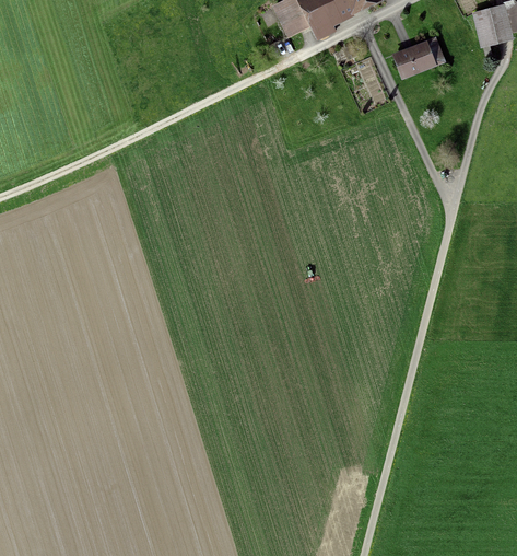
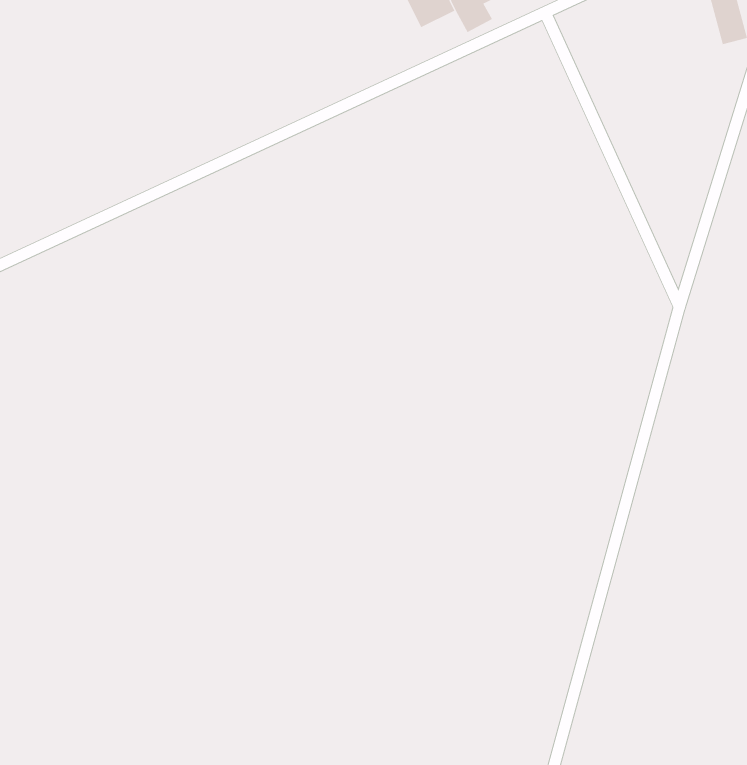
building: [396,45,434,74] -> none

